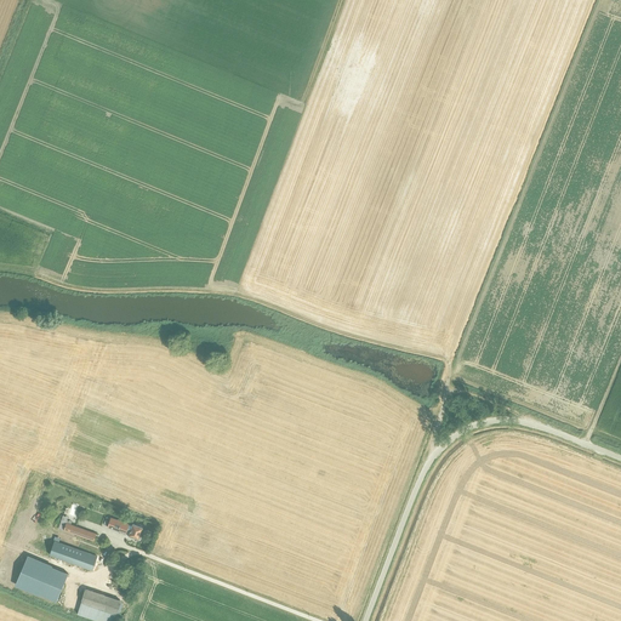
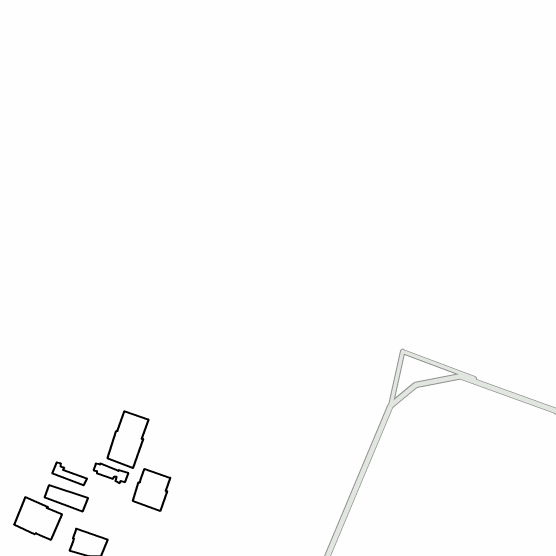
building: none -> [108,411,148,468]
building: none -> [133,469,170,511]

